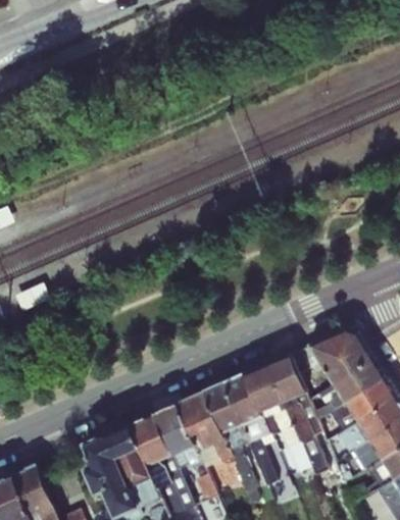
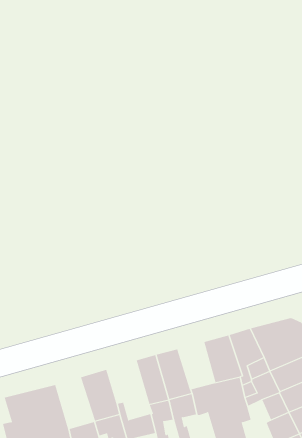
building: [243,365,283,412] -> none
building: [178,392,227,450] -> none
building: [131,415,172,466] -> none

